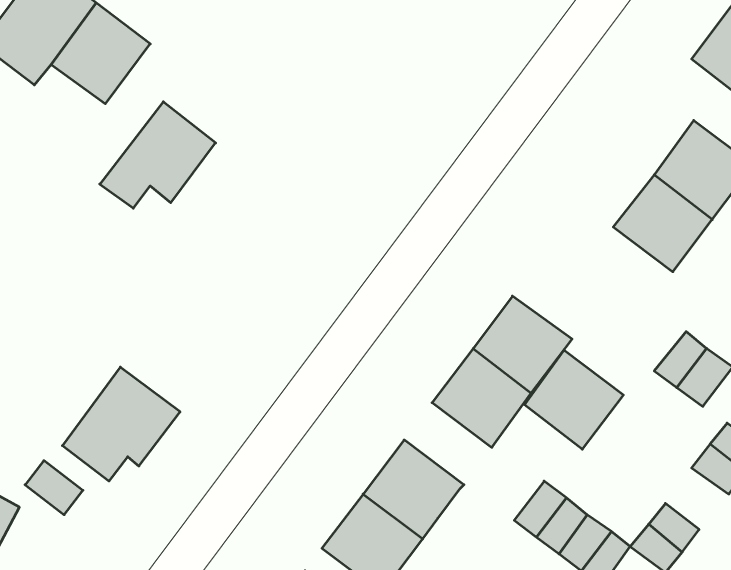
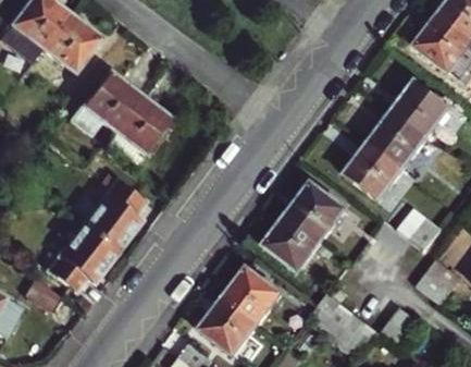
building: none -> [99,93,169,168]
building: none -> [82,178,145,249]
building: [524,350,623,449] -> [346,142,404,199]

